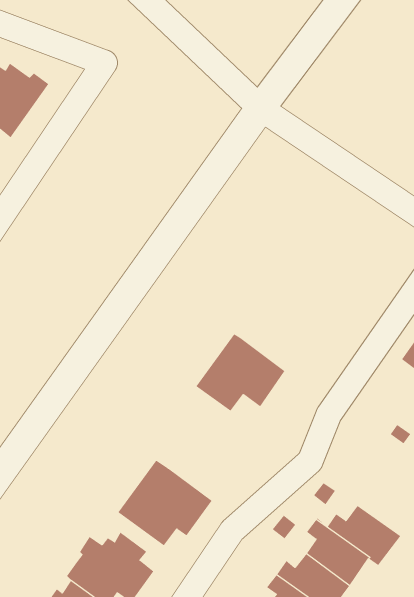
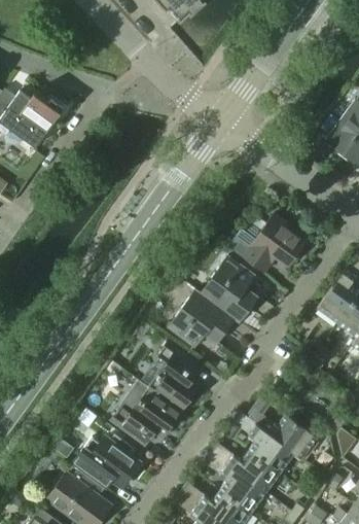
building: none -> [242,215,307,273]
building: none -> [201,256,256,322]
building: none -> [148,344,201,412]

